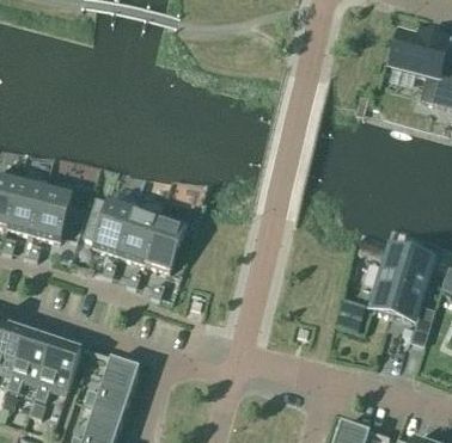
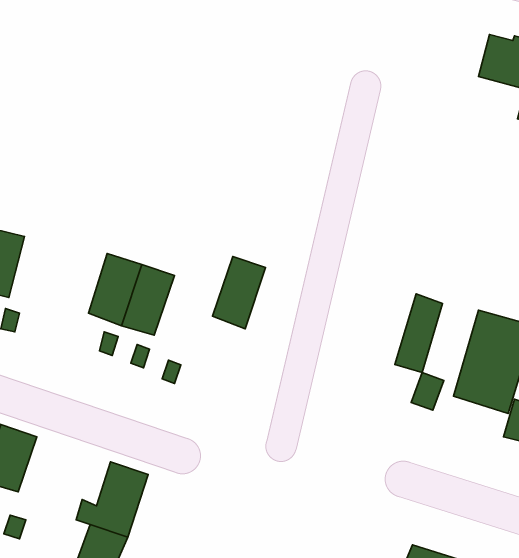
building: [32,185,68,239] -> none
building: [143,215,184,270] -> [212,257,266,329]
building: none -> [395,294,443,373]
building: [35,338,83,399] -> none

